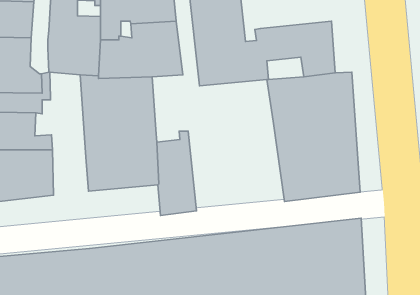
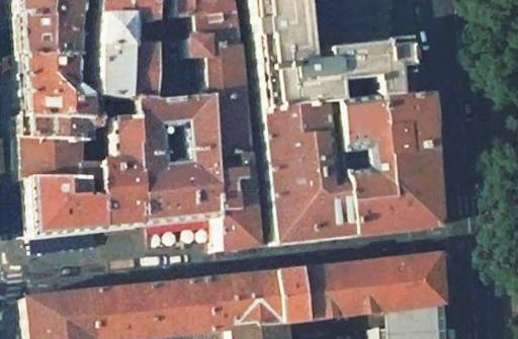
building: none -> [102,92,145,227]
building: none -> [214,95,254,155]
building: none -> [266,100,359,242]

